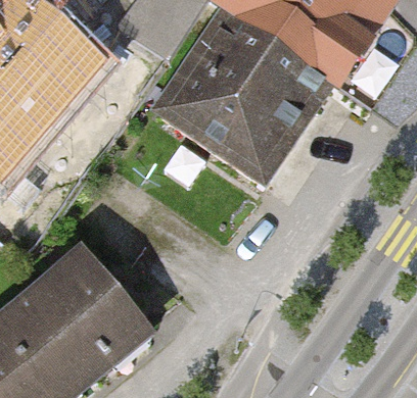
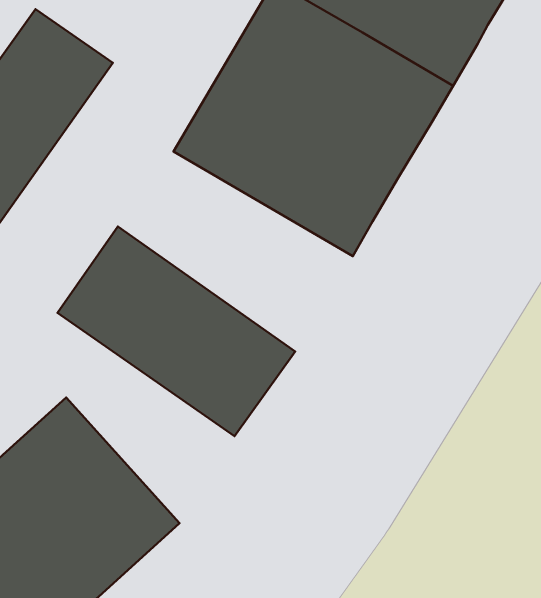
building: none -> [58,226,295,436]

